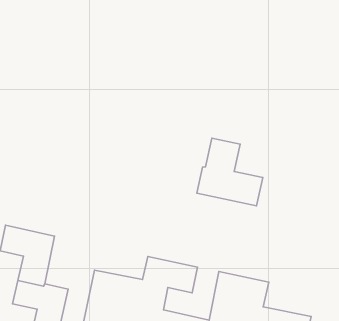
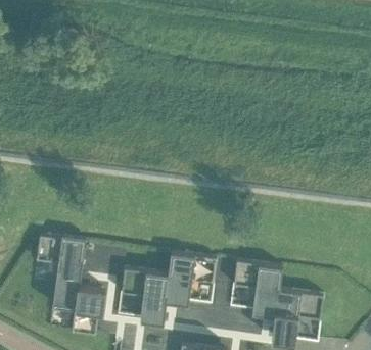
building: [197,138,263,206] -> none

